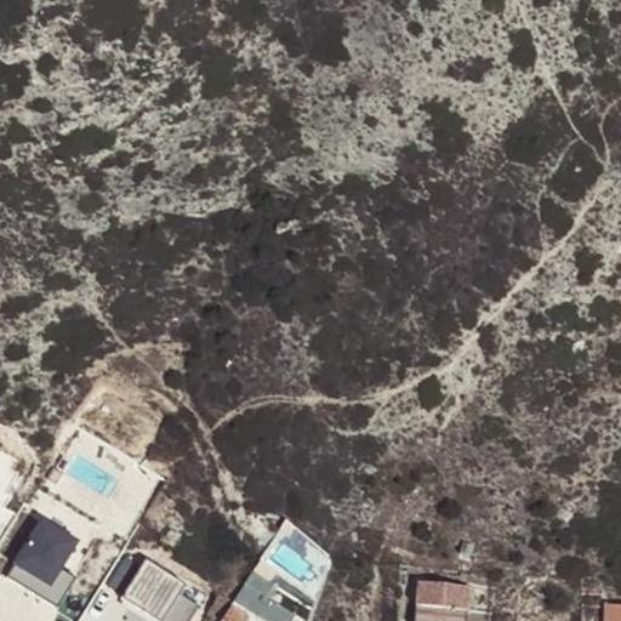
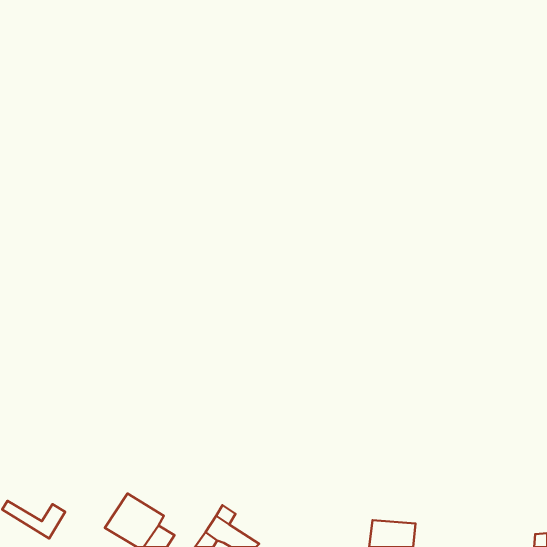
building: [8,519,78,591] -> none

